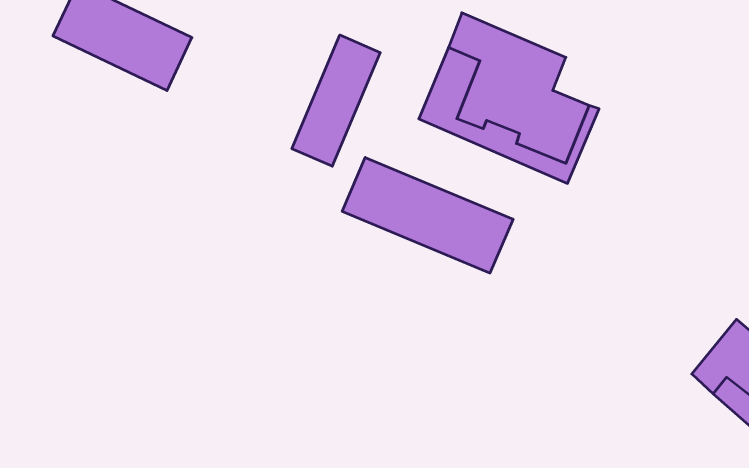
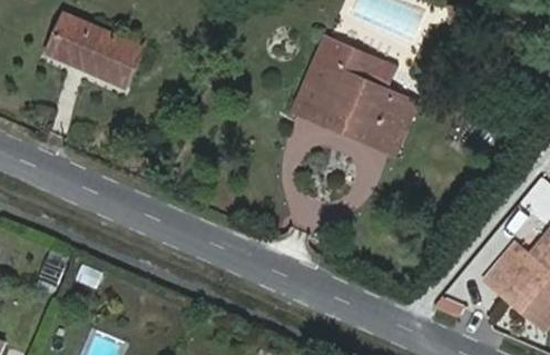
building: [292,35,380,166] -> none
building: [342,157,513,273] -> none

